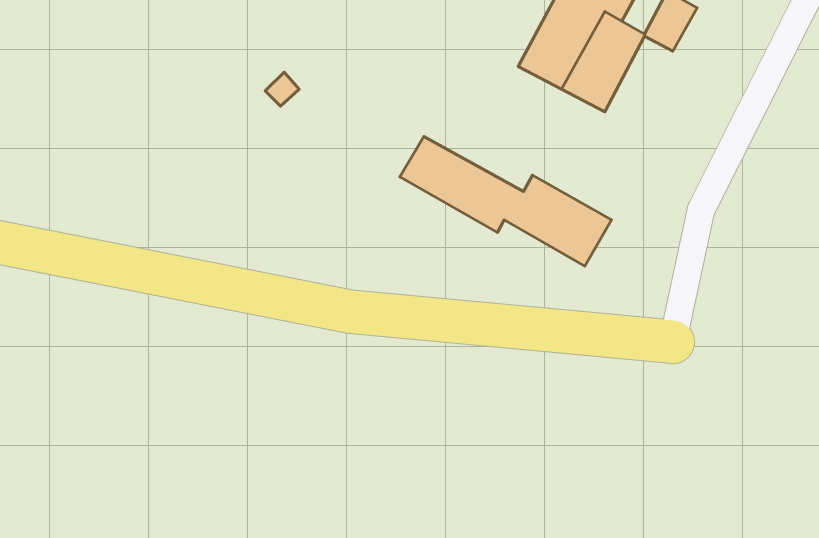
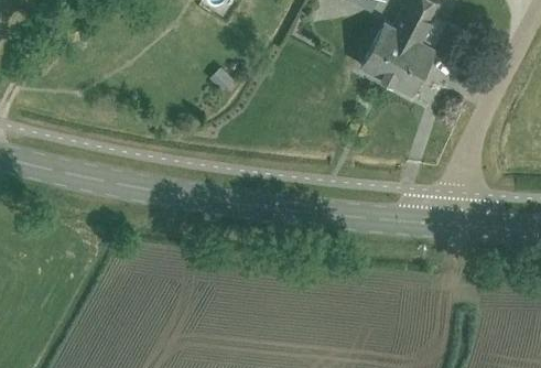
building: [400,136,612,266] -> none

